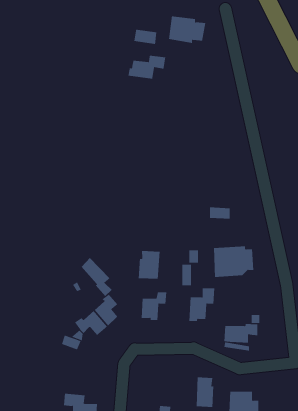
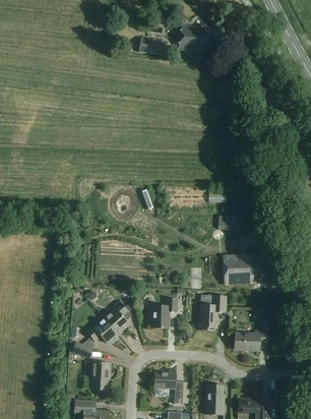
building: [128,55,166,80] -> none
building: [138,250,160,280] -> none
building: [81,257,113,297] -> none
building: none -> [88,362,110,390]
building: none -> [154,372,183,402]

